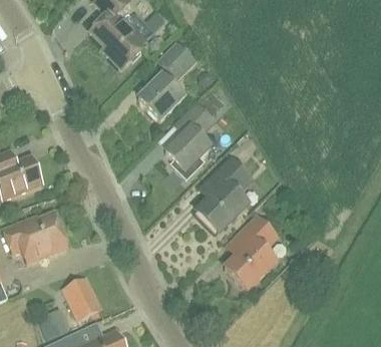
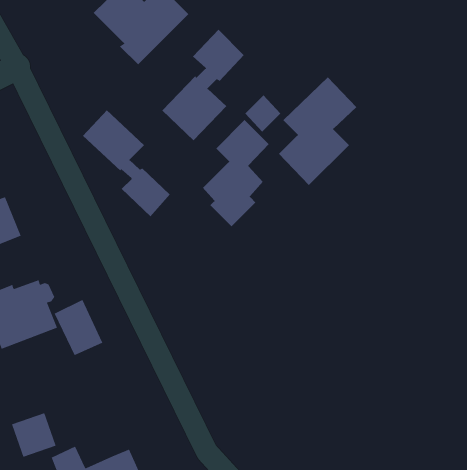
building: none -> [82,109,171,217]
building: [198,157,252,233] -> [278,77,357,186]
building: [224,215,277,289] -> none
building: [65,278,99,317] -> [54,299,103,356]

